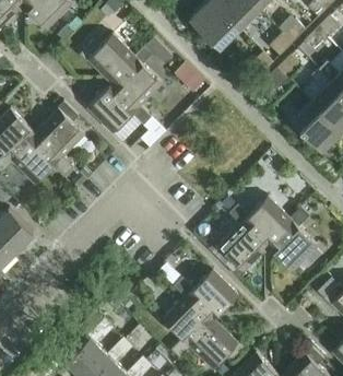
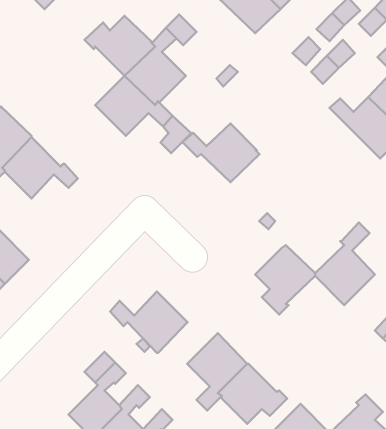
building: [35,102,84,158] -> none
building: [228,198,292,246] -> [182,123,260,182]
building: [174,270,237,320] -> [110,291,187,353]

